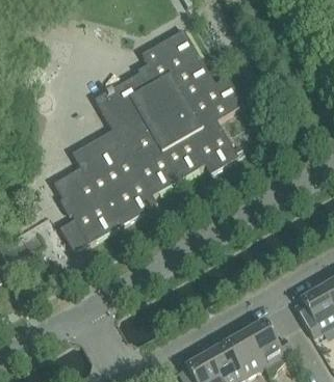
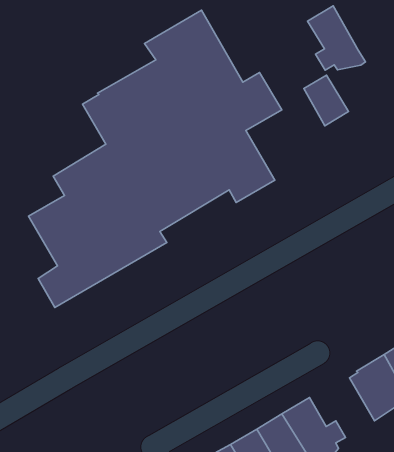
building: none -> [307,6,366,70]
building: none -> [304,75,348,126]

